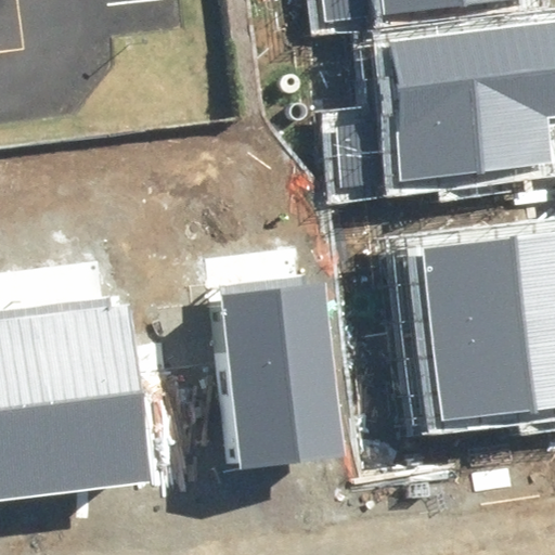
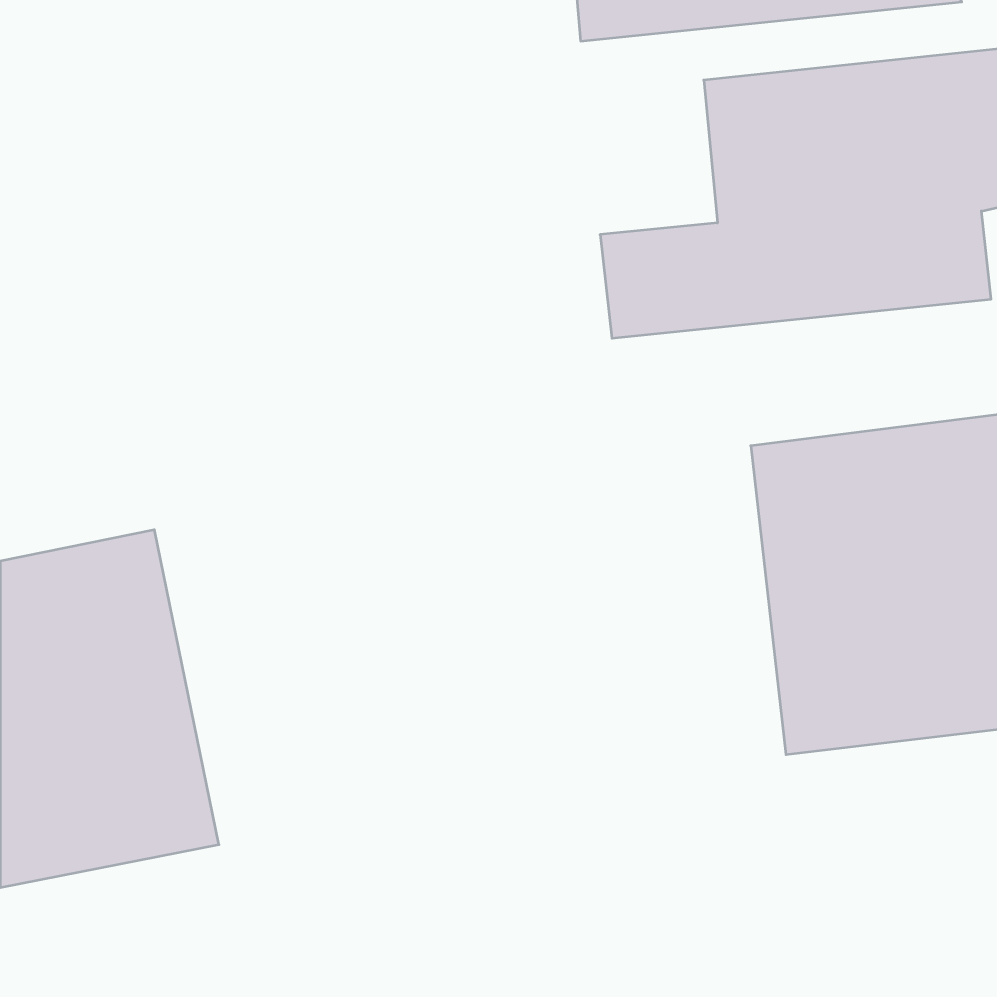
building: [219,281,340,462] -> none

